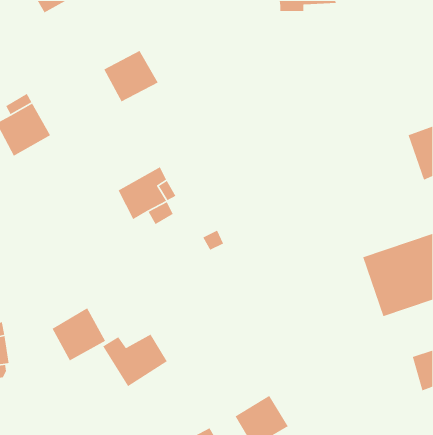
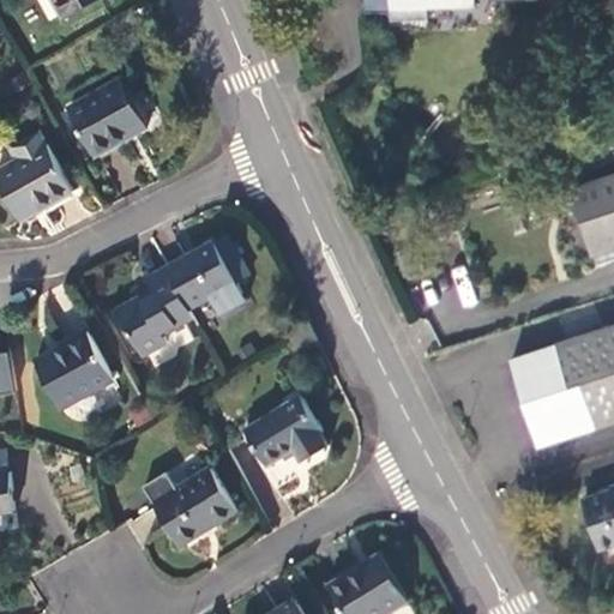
building: [103,50,159,103] -> [67,80,145,155]
building: none -> [116,269,192,357]
building: none -> [245,397,330,466]
building: [52,307,106,362] -> [36,332,113,409]

